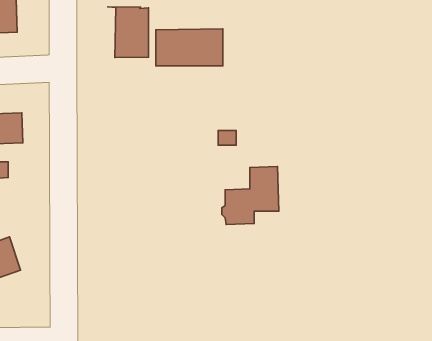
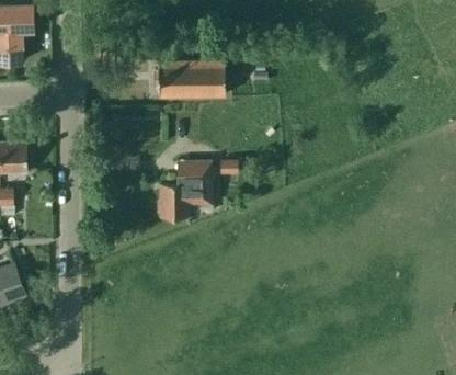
building: [108,7,149,57] -> none
building: [222,166,279,224] -> [157,160,213,217]

